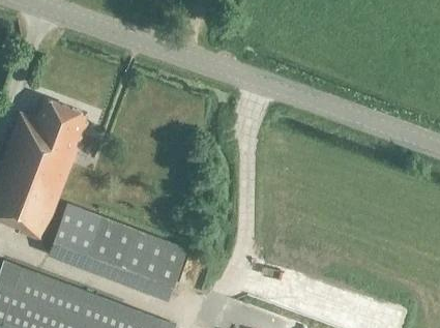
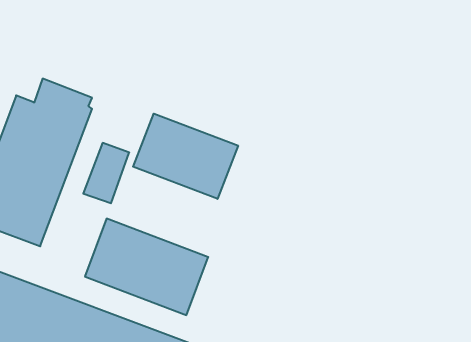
building: none -> [133,114,238,199]
building: [53,216,92,268] -> [83,143,129,203]

